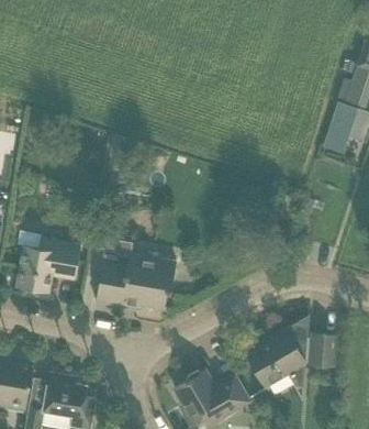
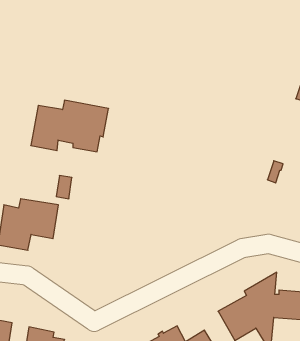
building: [94,255,176,309] -> [31,100,109,152]

